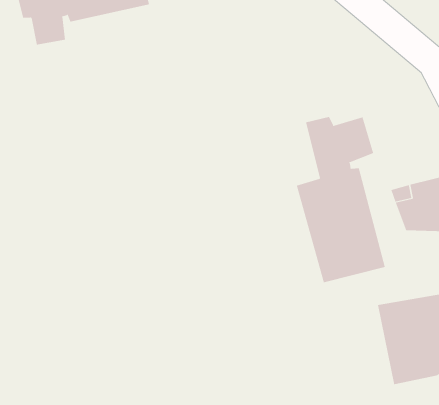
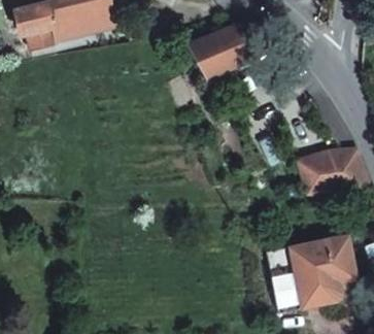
building: none -> [190,26,275,79]
building: [296,116,386,283] -> none

